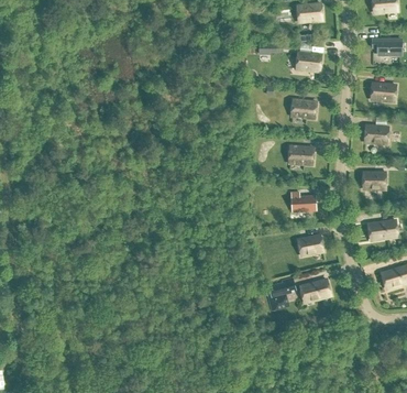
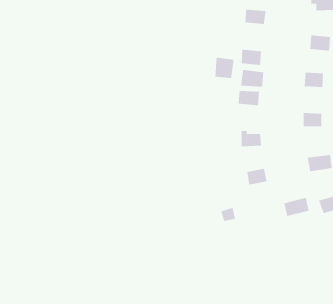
building: none -> [215,57,234,79]
building: none -> [240,69,264,88]
building: [300,279,330,301] -> [284,197,309,216]

